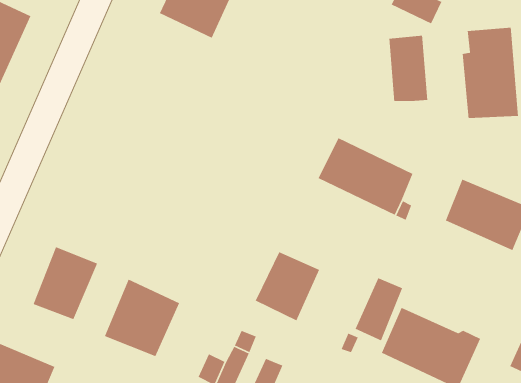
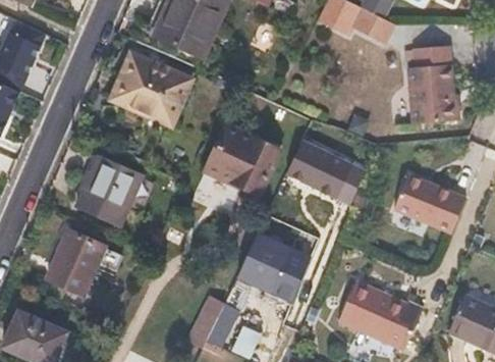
building: [388,35,428,102] -> none
building: none -> [108,53,188,126]
building: none -> [202,123,275,193]
building: [355,277,403,341] -> [269,250,310,304]
building: [104,278,180,357] -> [75,157,140,223]

